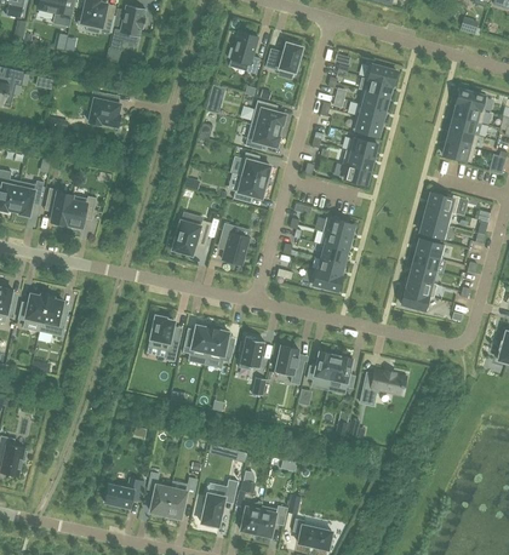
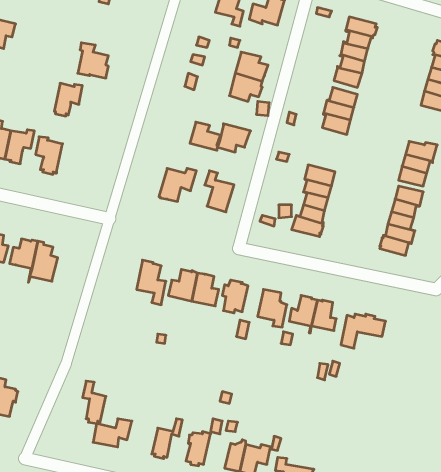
building: [239,153,270,182] -> [190,122,220,150]
building: [67,195,96,229] -> [54,83,82,116]
building: [147,473,171,516] -> [83,381,106,423]

